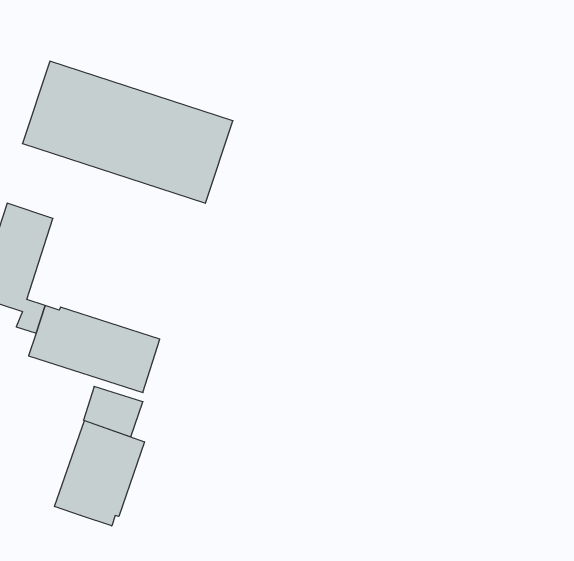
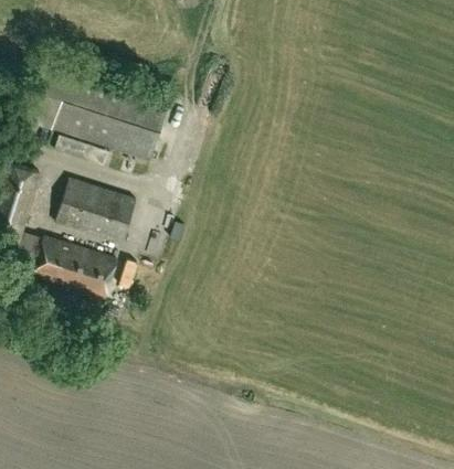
building: none -> [56,179,140,246]
building: [55,421,144,526] -> none

